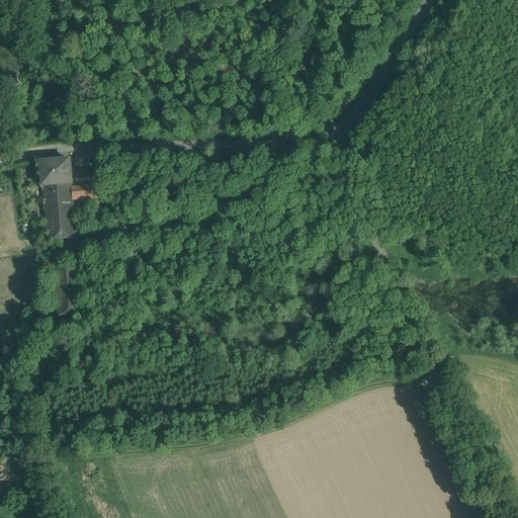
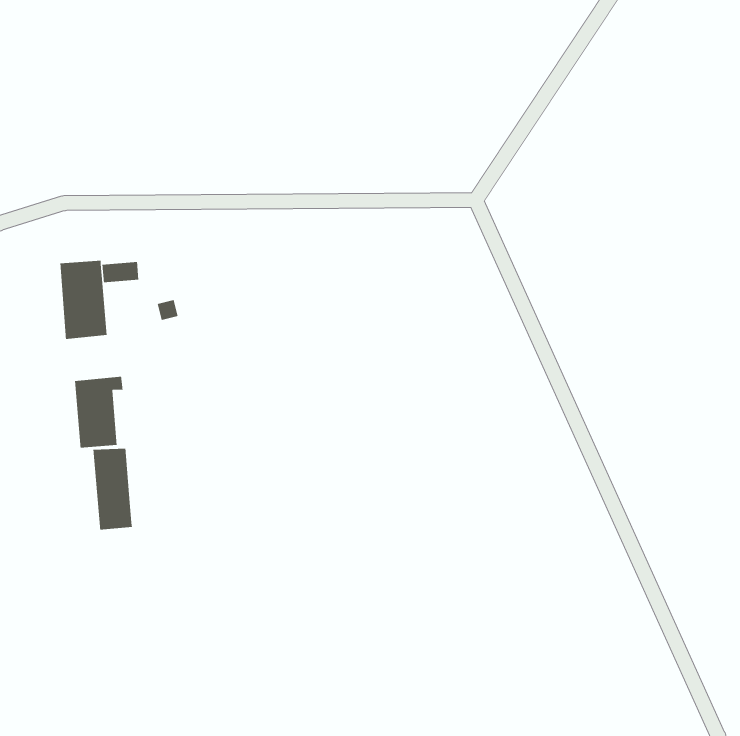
building: [39,157,71,183] -> none
building: none -> [92,448,133,531]

